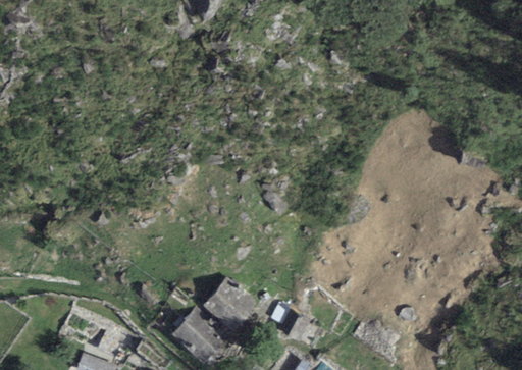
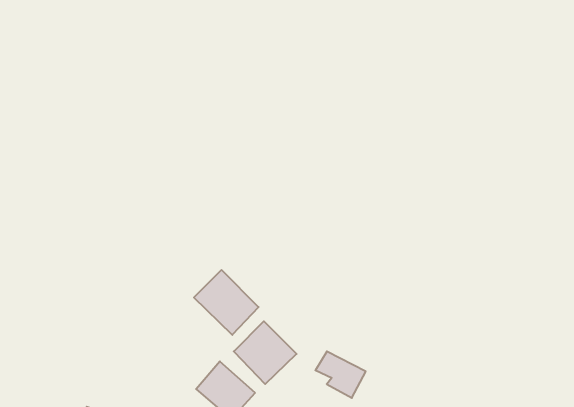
building: none -> [194,270,259,335]

